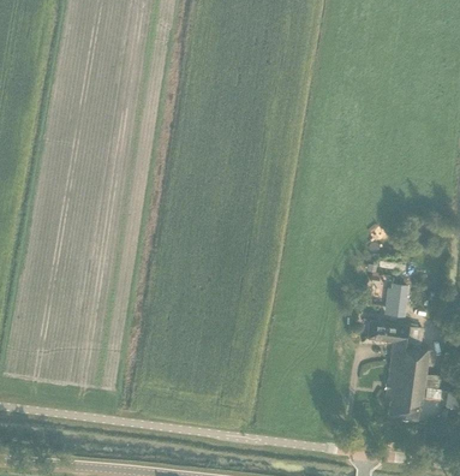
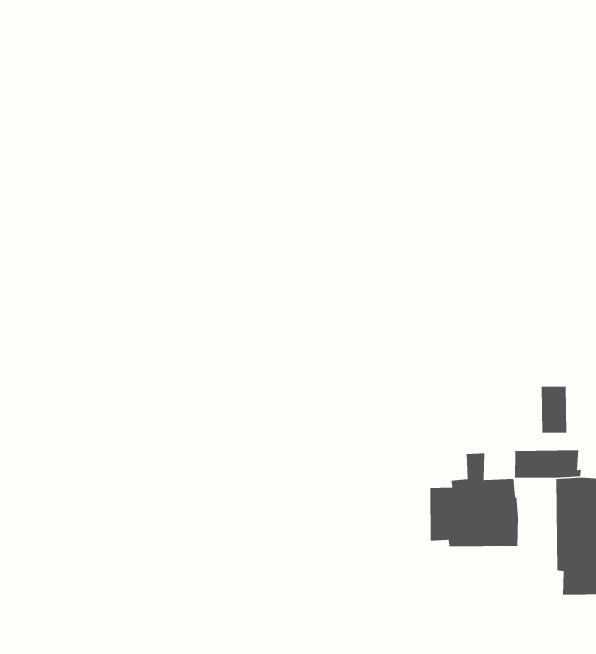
building: none -> [429,453,519,547]

